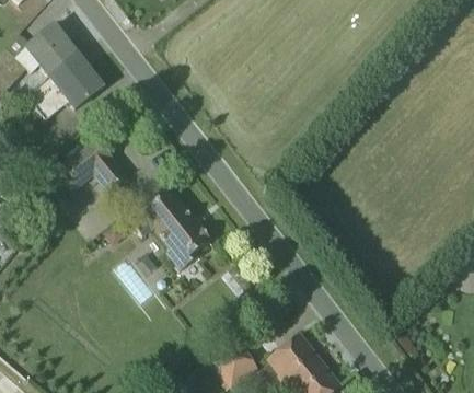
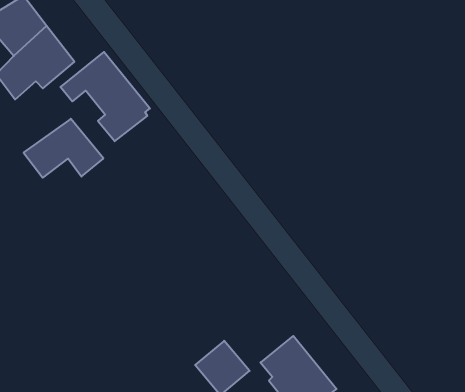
building: [131,189,212,270] -> [60,52,150,141]

